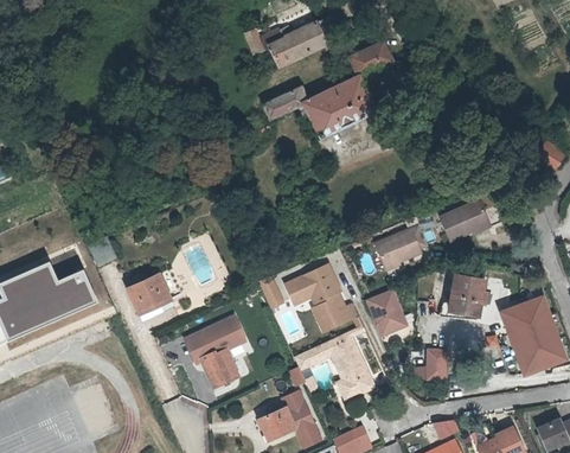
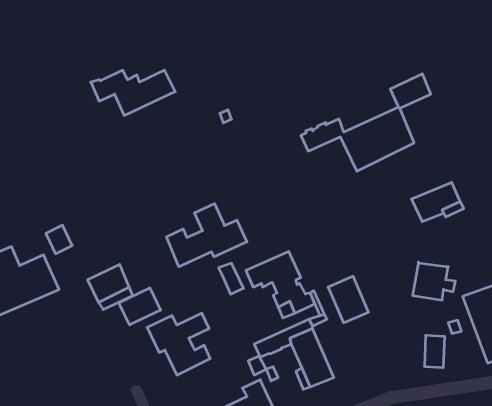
building: [243,21,327,66] -> [91,70,175,115]
building: [263,43,392,140] -> [301,74,431,171]
building: none -> [166,204,247,267]
building: [378,223,430,264] -> none
building: none -> [119,288,161,325]
building: [427,349,447,381] -> [424,335,445,368]

